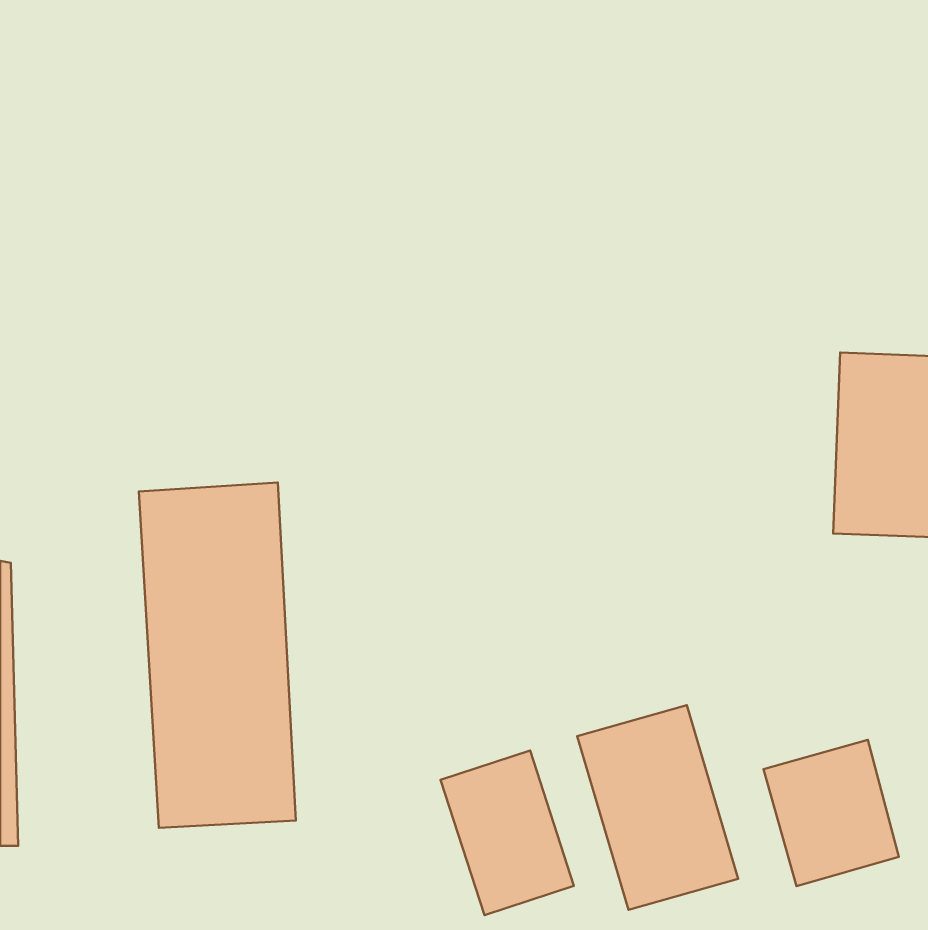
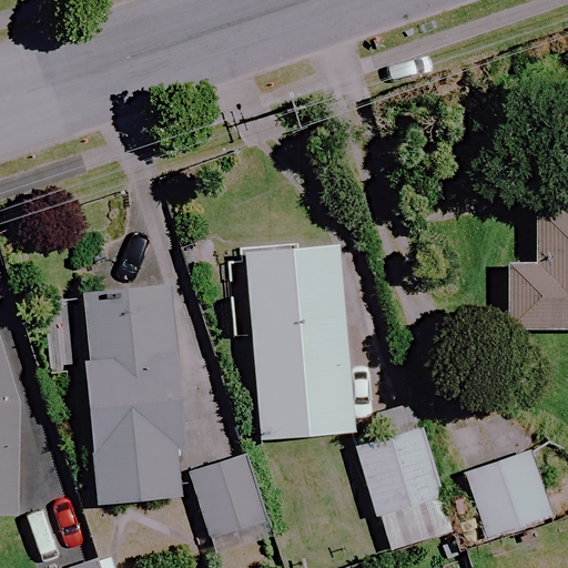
building: none -> [246,244,353,439]
building: [441,751,574,915] -> [191,457,272,557]

